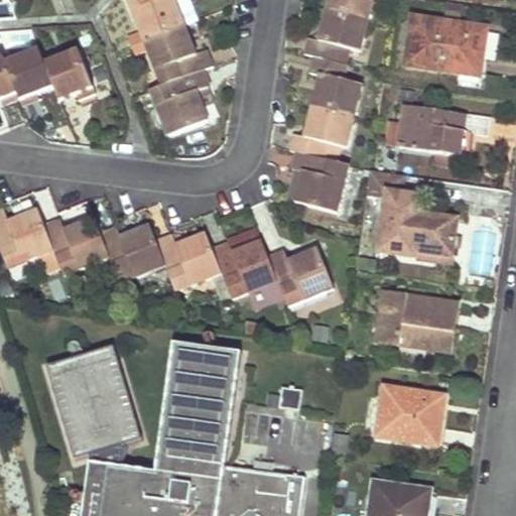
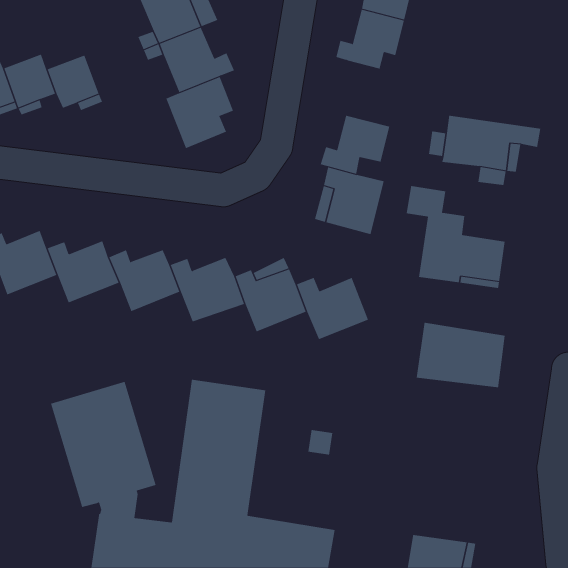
building: [404,15,484,74] -> none
building: [308,54,360,114] -> none
building: [375,386,442,443] -> none

